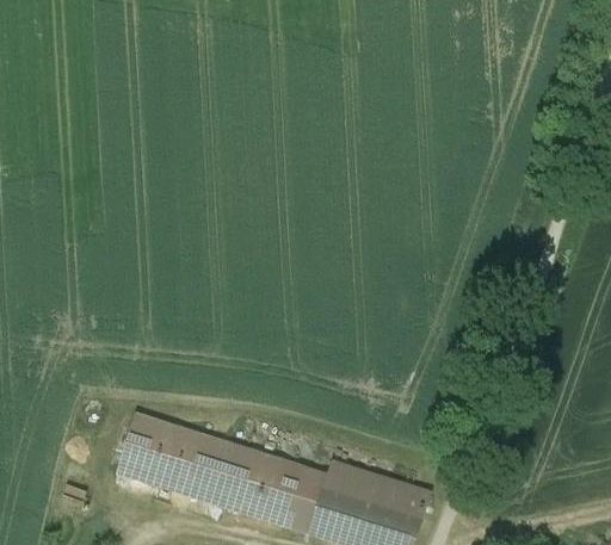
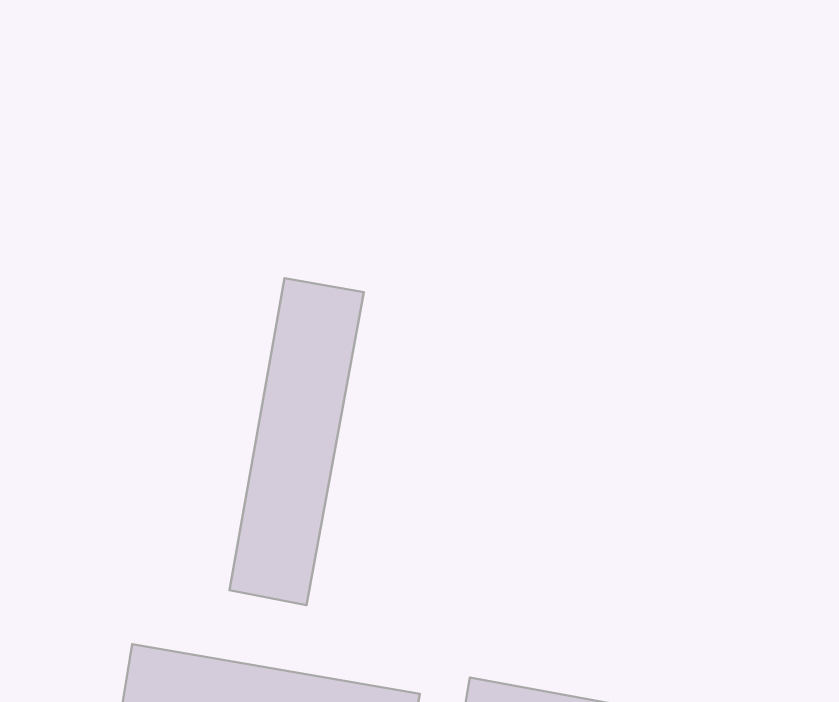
building: none -> [230,278,364,605]

